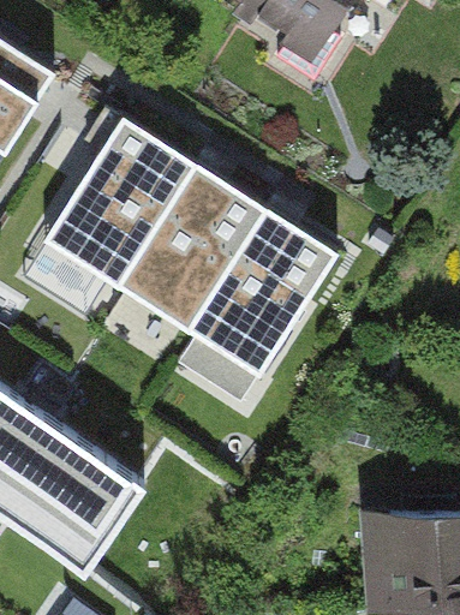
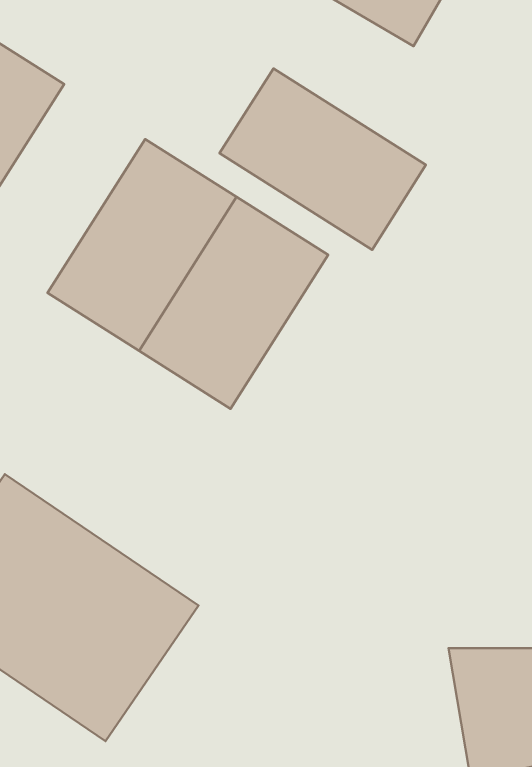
building: none -> [220,68,426,250]
building: [184,205,333,372] -> none

